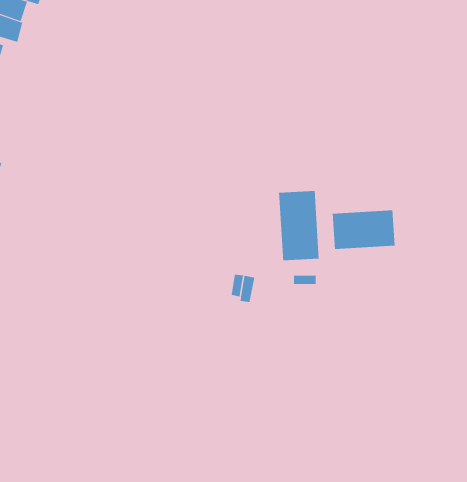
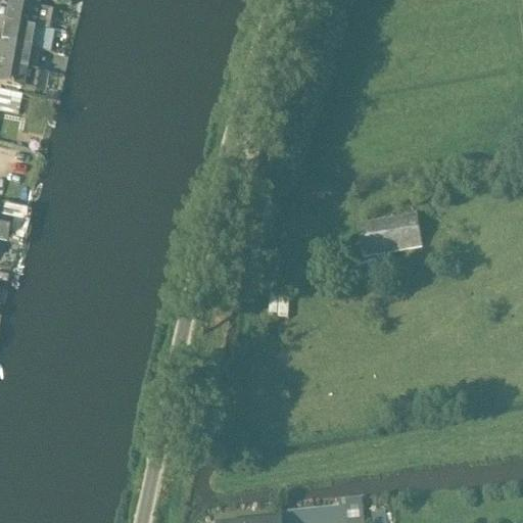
building: [279,190,319,261] -> none

